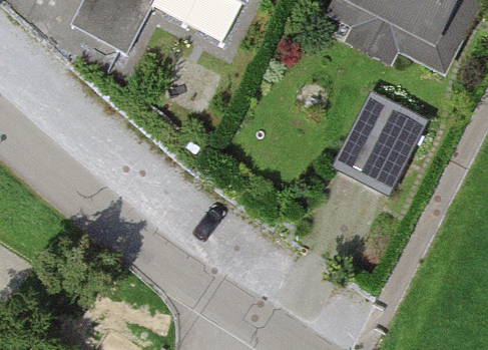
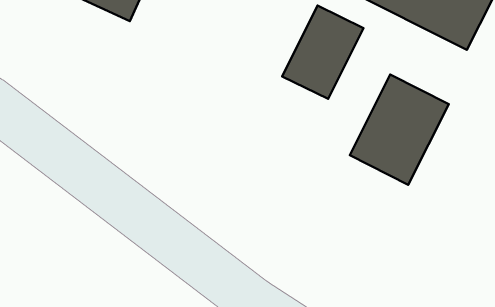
building: none -> [282,5,364,99]

